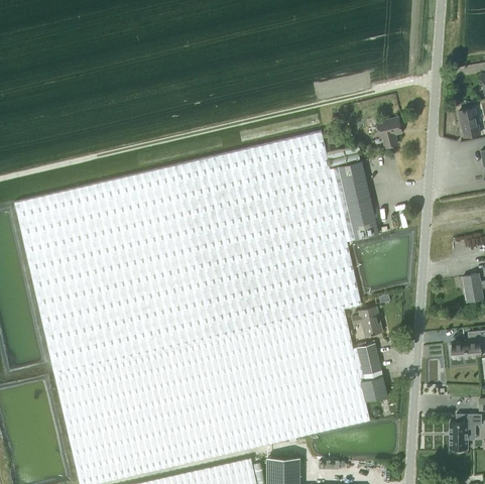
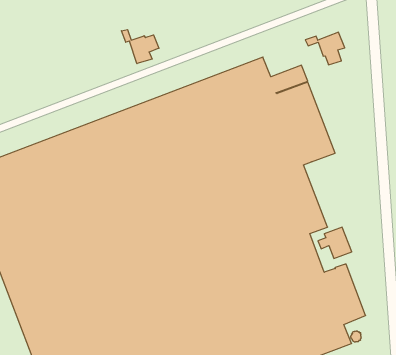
building: none -> [121,30,159,64]

